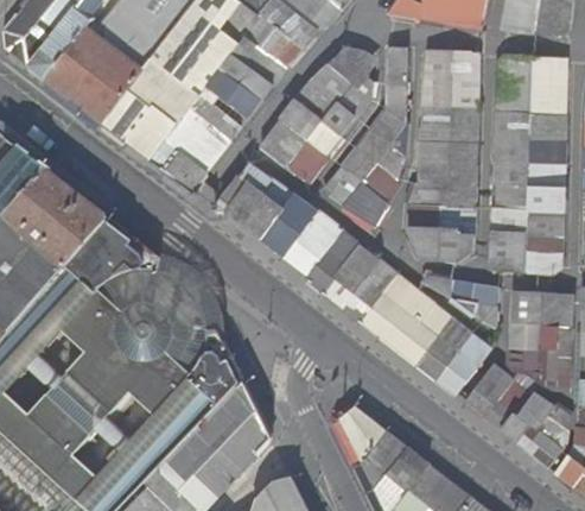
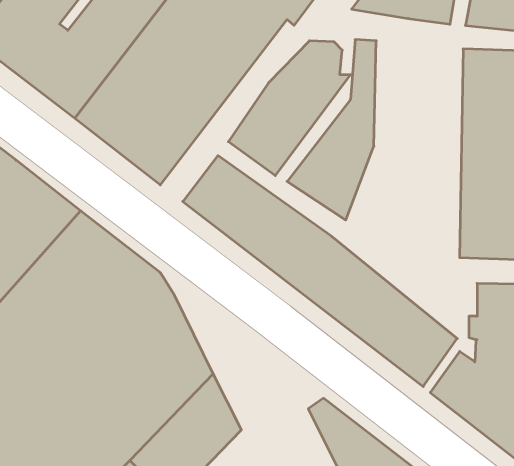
building: [401,48,483,263] -> none
building: [422,275,501,326] -> none

